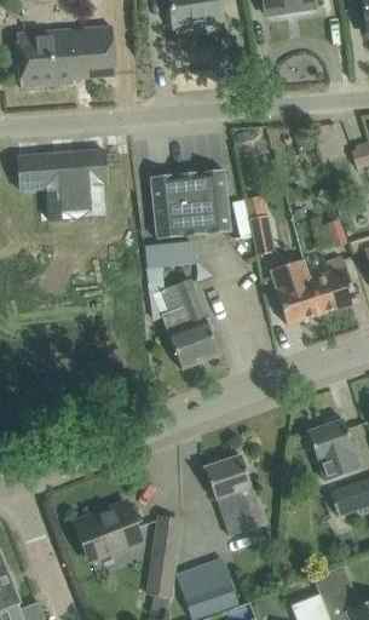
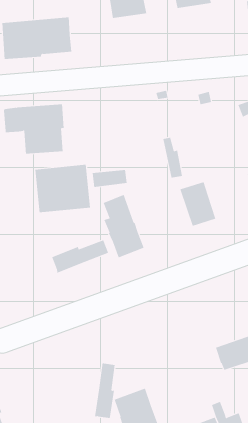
building: [151,170,231,239] -> [35,164,91,213]
building: [311,257,357,312] -> none
building: none -> [51,239,109,273]
building: [307,414,356,480] -> none
building: [204,454,265,535] -> none
building: [75,501,142,561] -> none

